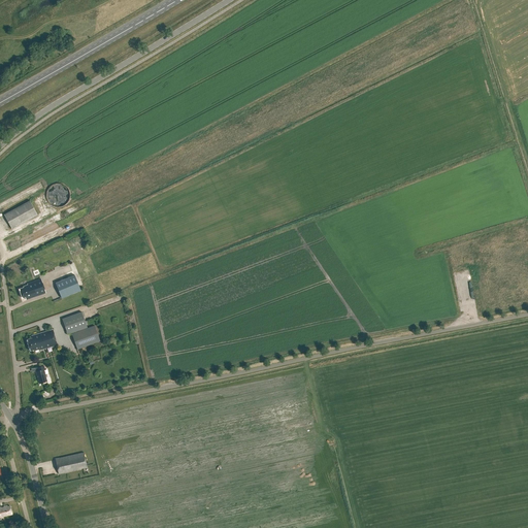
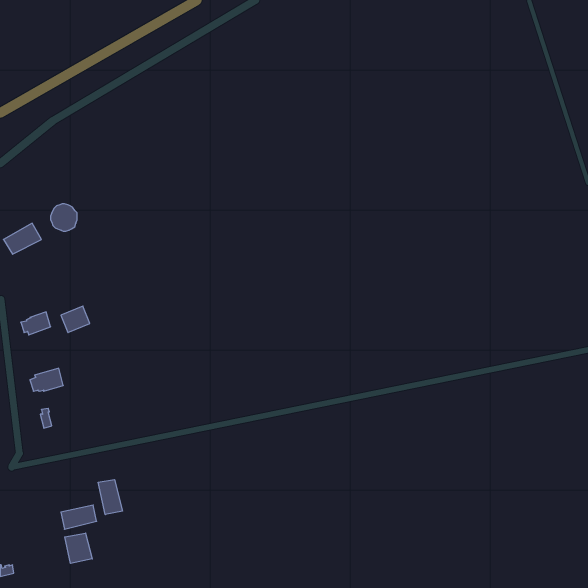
building: [61,311,99,350] -> none
building: none -> [98,480,122,515]
building: none -> [65,533,92,563]

